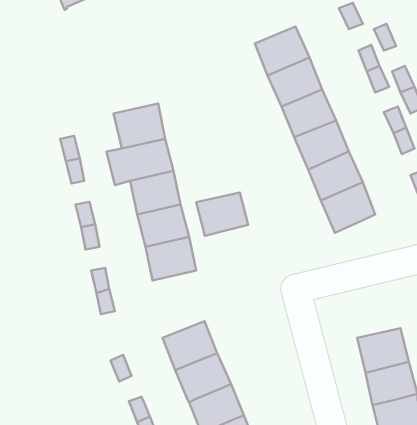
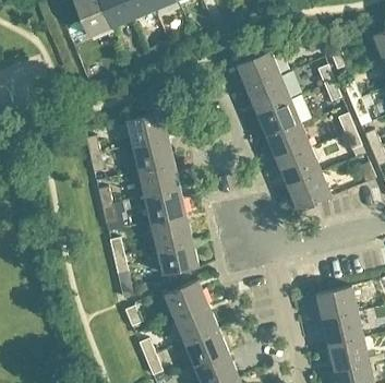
building: [196,192,248,236] -> [157,241,197,275]

